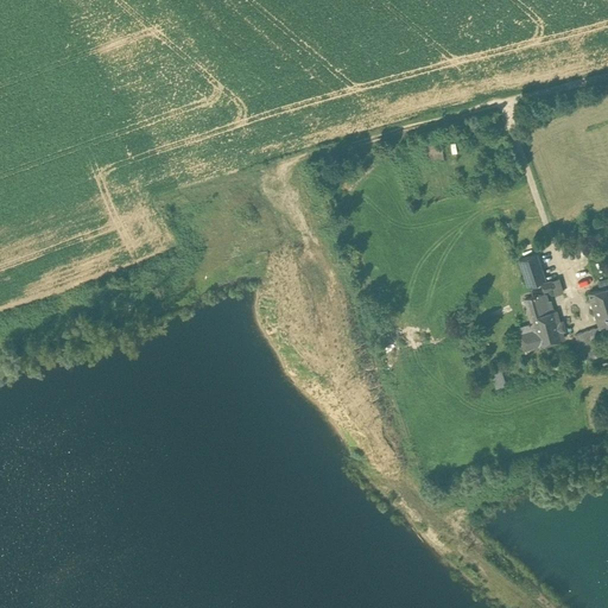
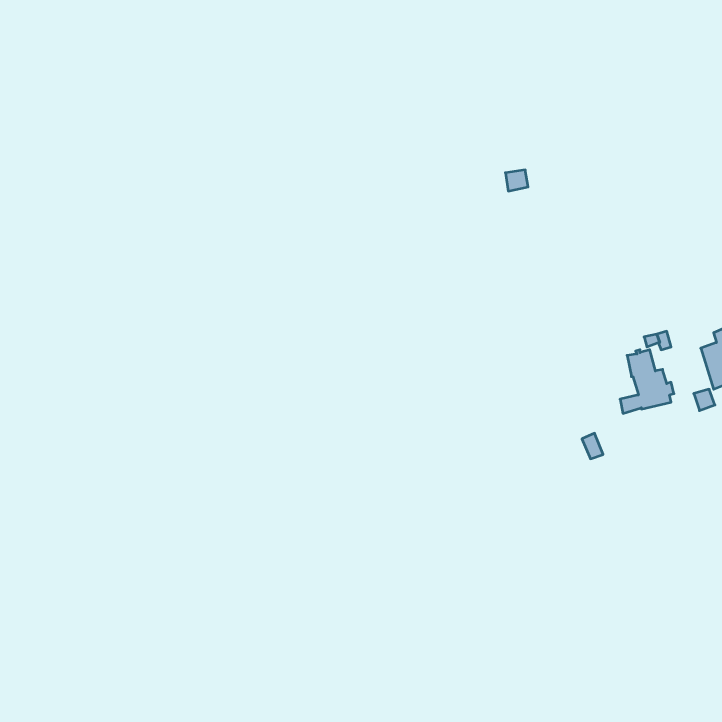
building: [520,254,545,291] -> none

